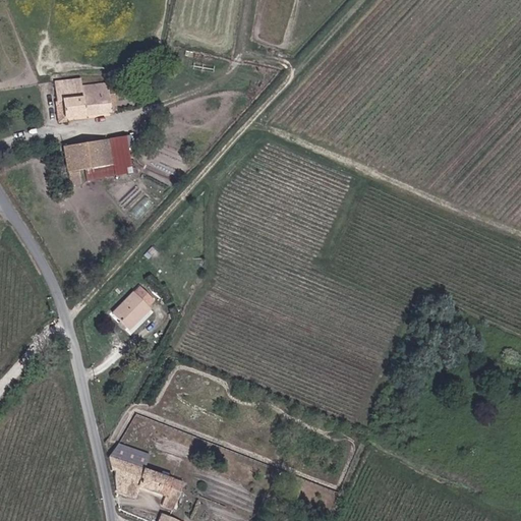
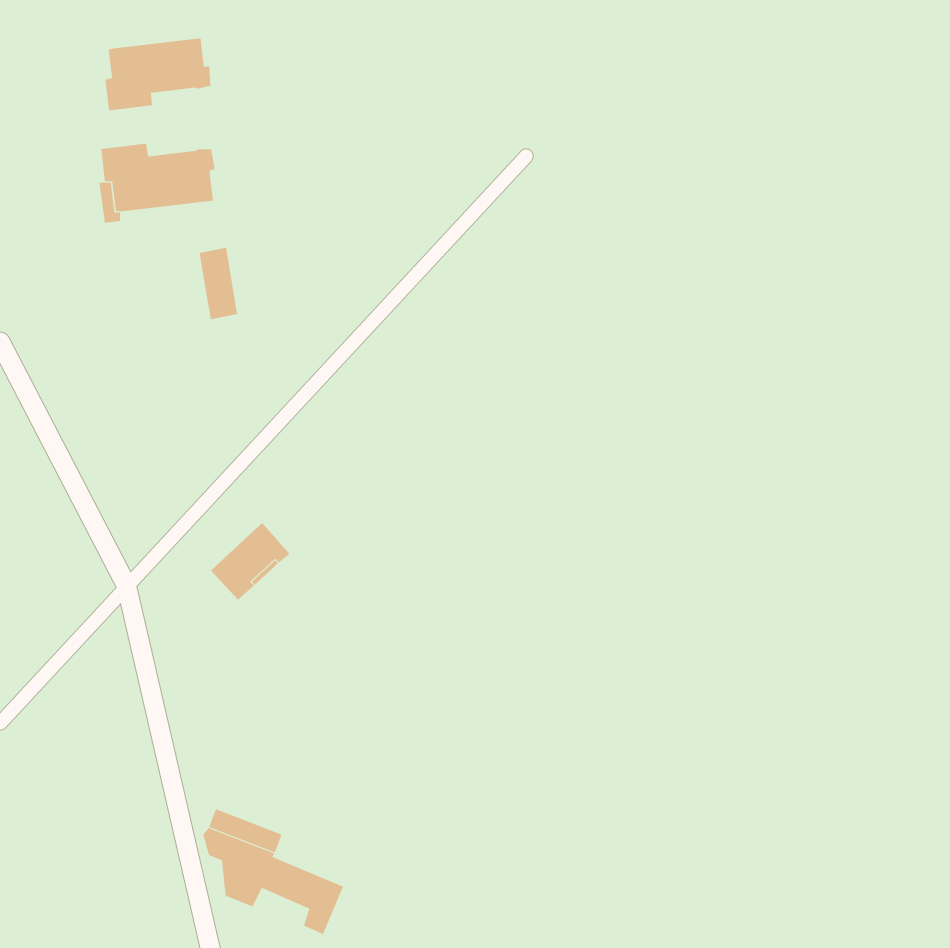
building: none -> [105,37,211,111]
building: [64,138,113,184] -> none

